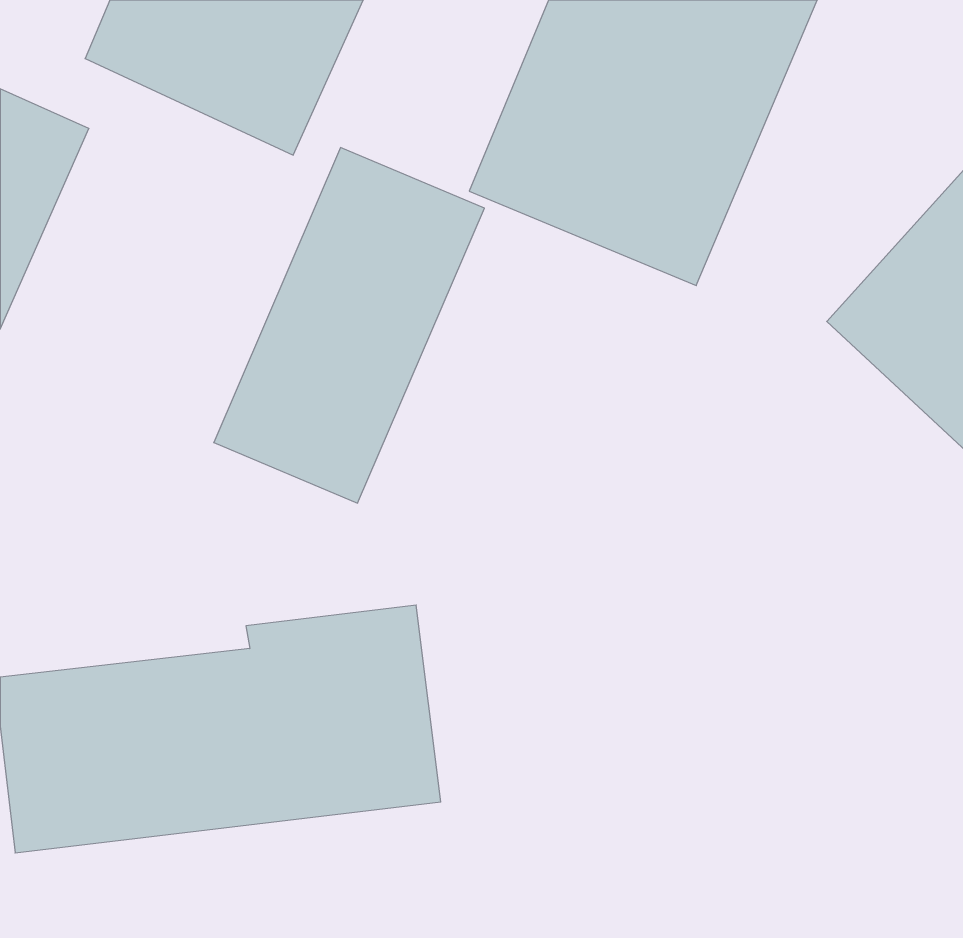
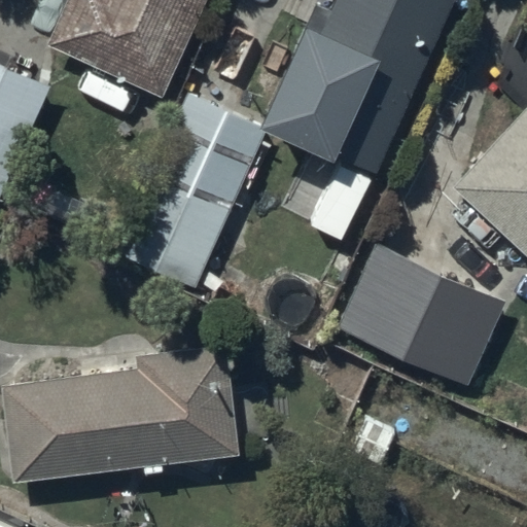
building: none -> [340,245,506,386]

